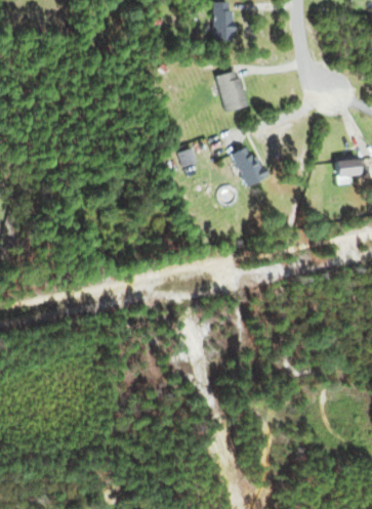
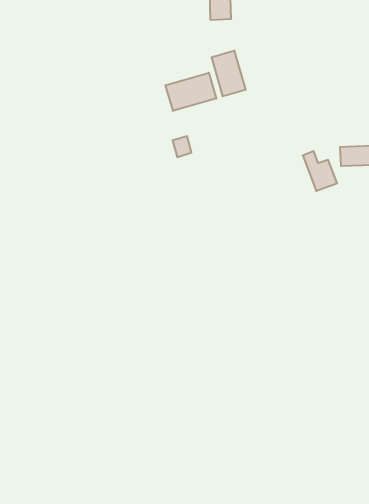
building: none -> [166,73,216,111]
building: [235,146,266,183] -> [303,151,337,191]

